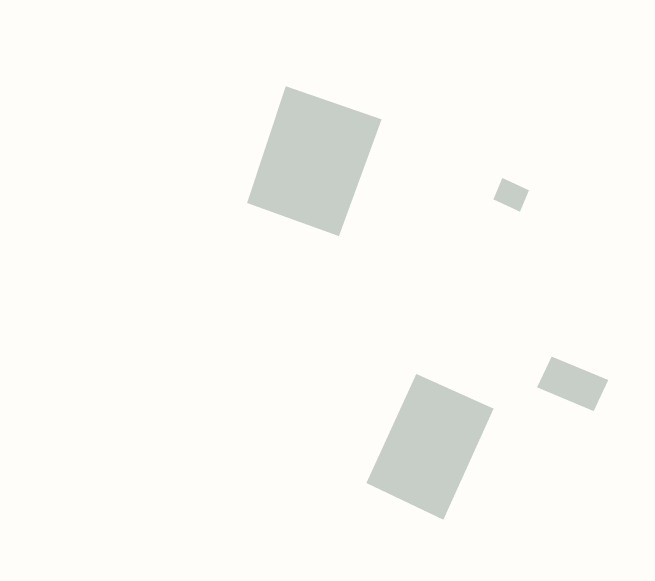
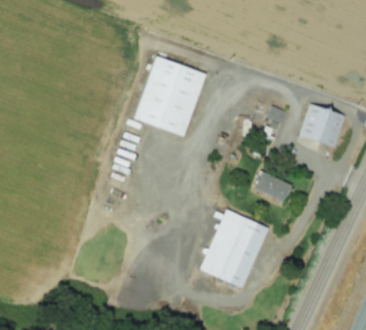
building: none -> [299,102,345,146]
building: [536,356,609,412] -> [253,171,292,201]

